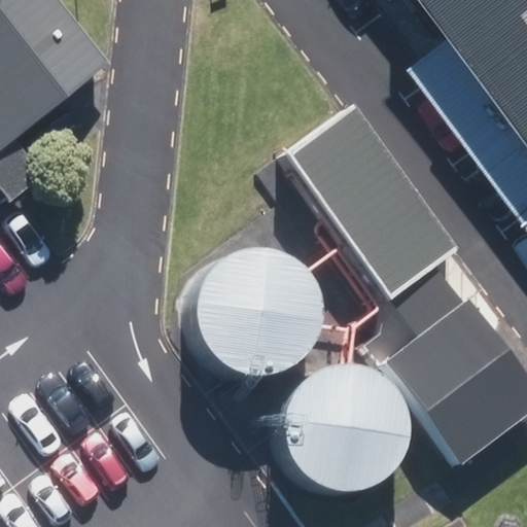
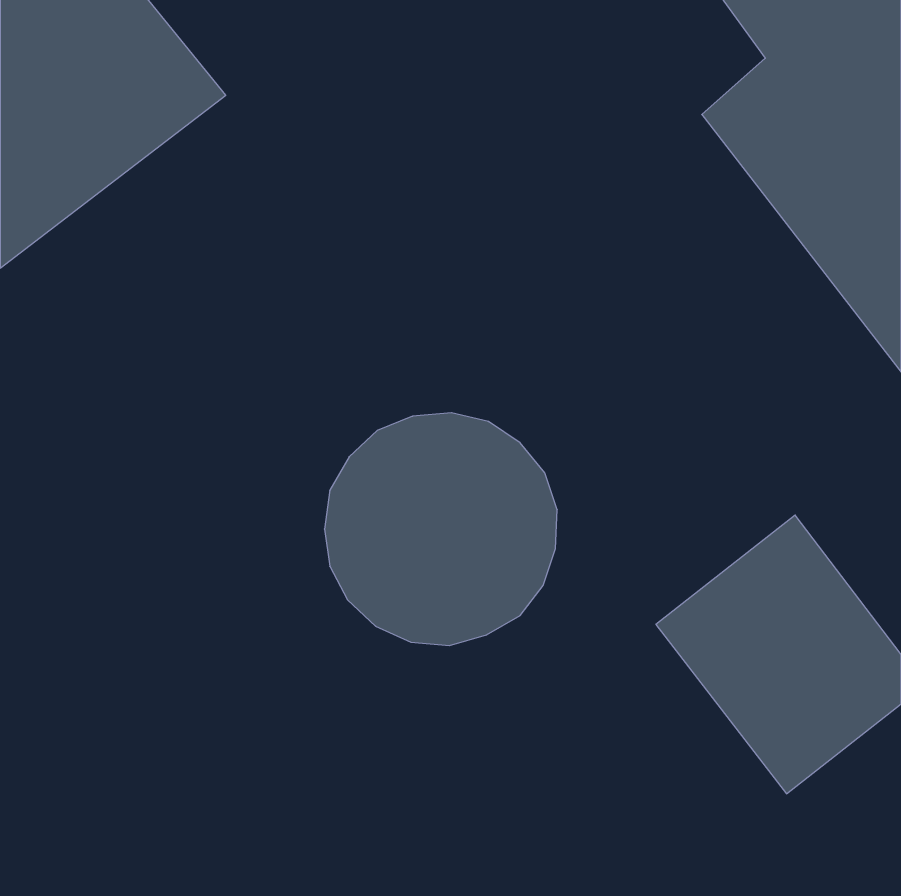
building: [287,111,454,296] -> none
building: [274,361,403,491] -> none

